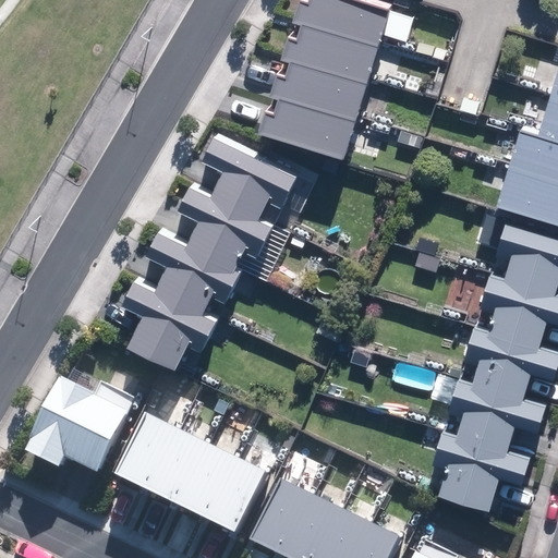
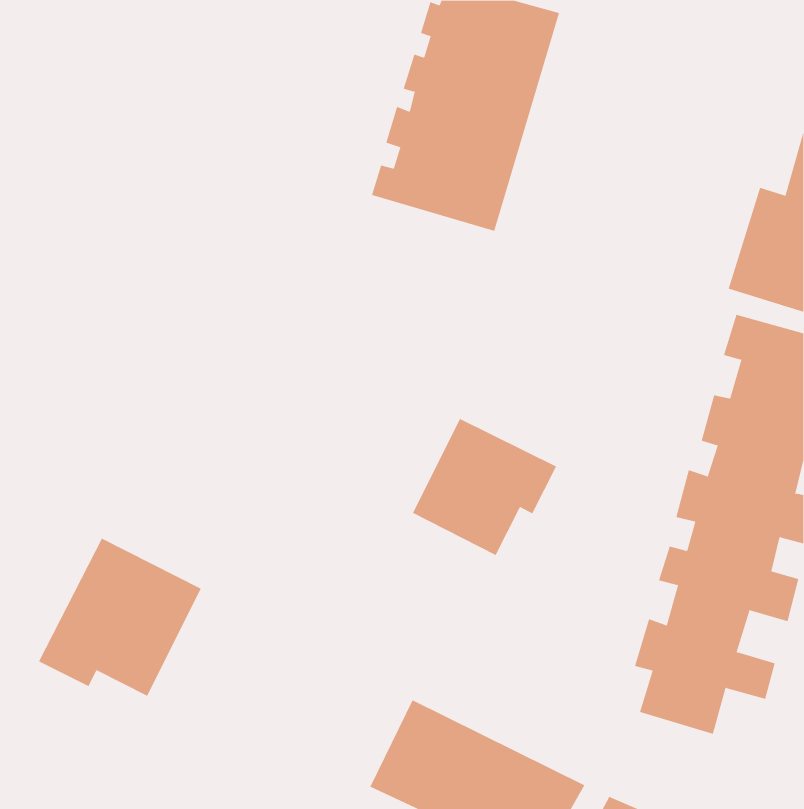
building: [123,128,301,365] -> none
building: none -> [412,418,557,556]
building: [118,414,268,538] -> none

